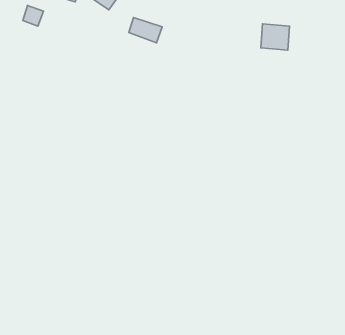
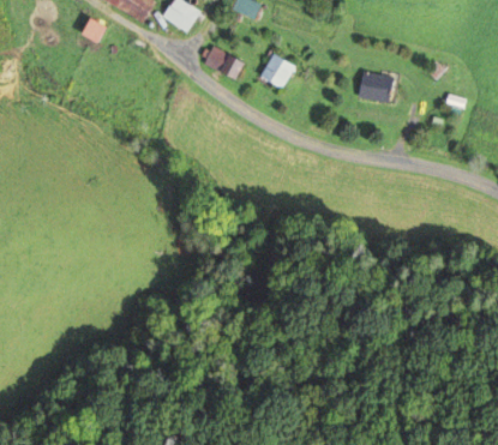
building: none -> [260,52,296,88]

